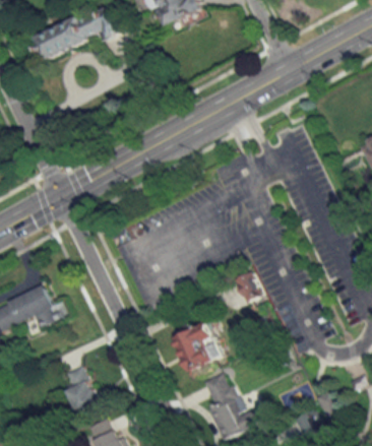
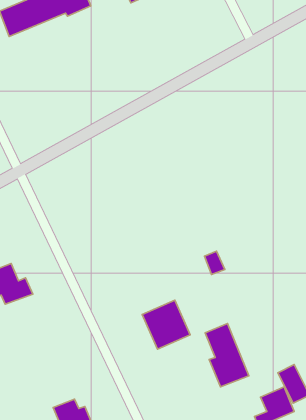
building: [63,367,100,416] -> none
building: [202,373,246,436] -> [205,324,249,387]

